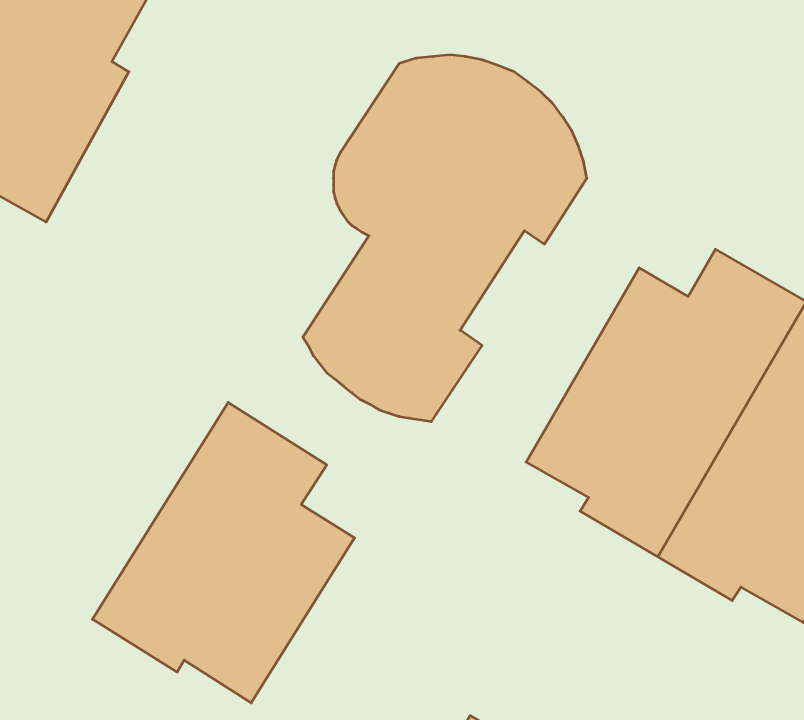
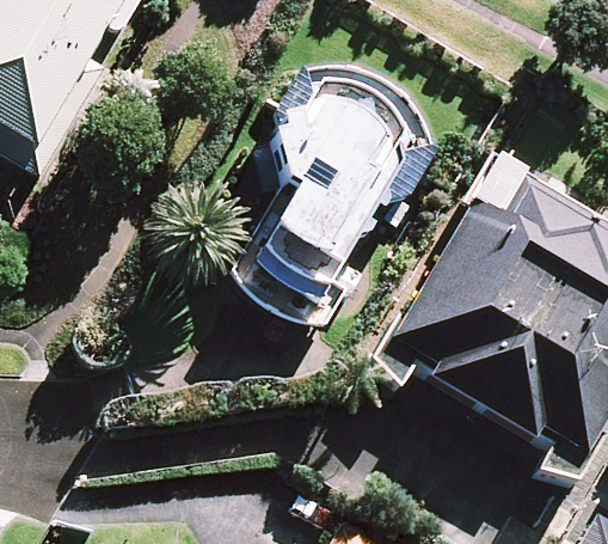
building: [92,402,355,703] -> none

